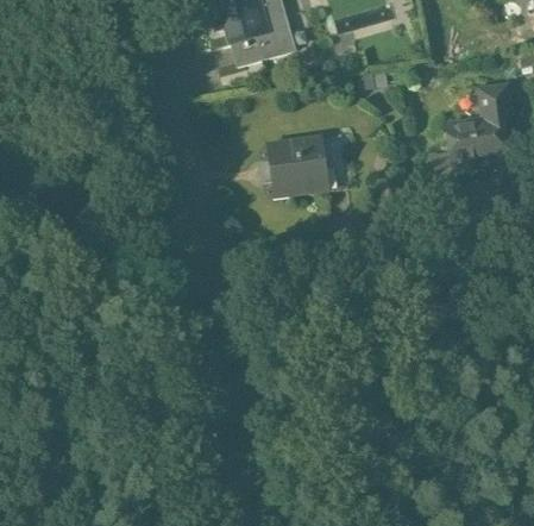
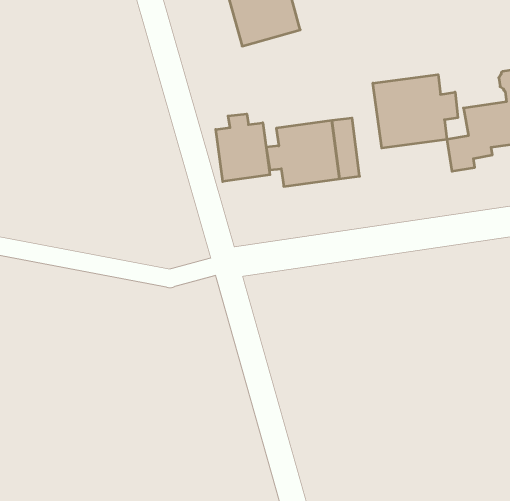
building: none -> [373,75,458,148]
building: none -> [216,114,270,182]

